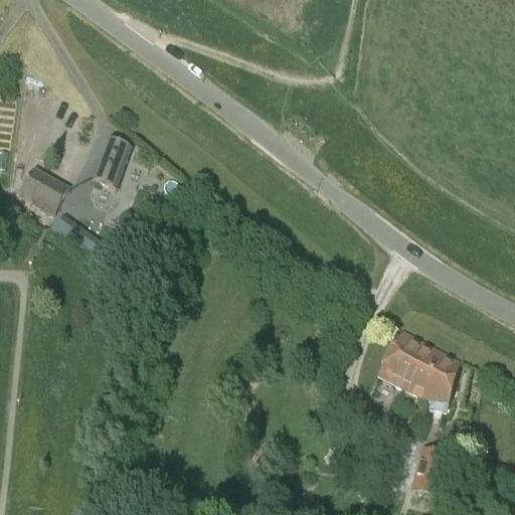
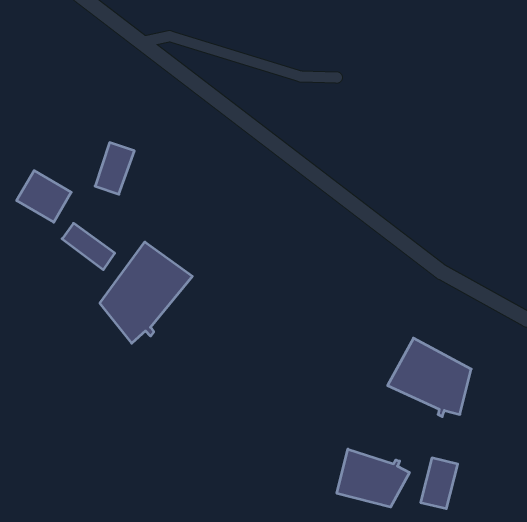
building: none -> [100,242,192,343]
building: none -> [337,449,409,507]

